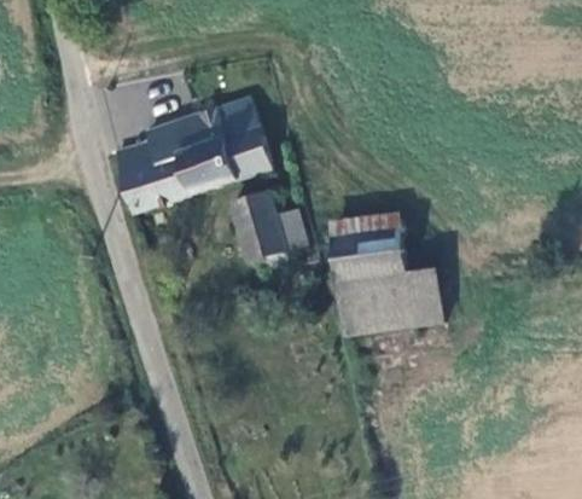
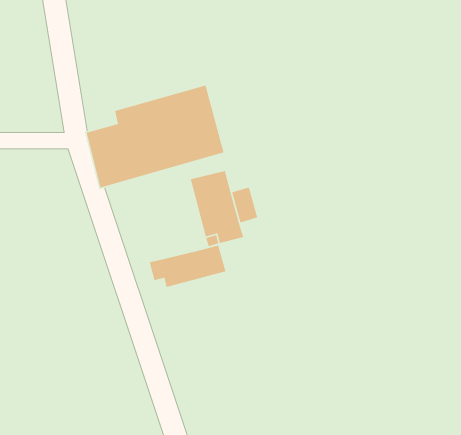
building: [333,230,443,336] -> none
building: none -> [149,244,227,288]

